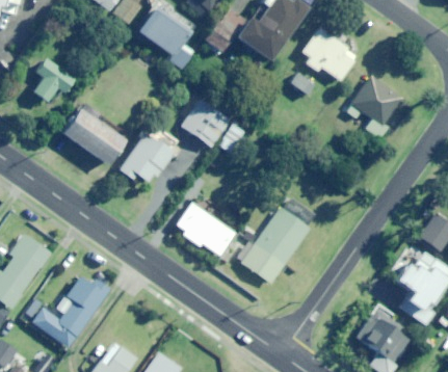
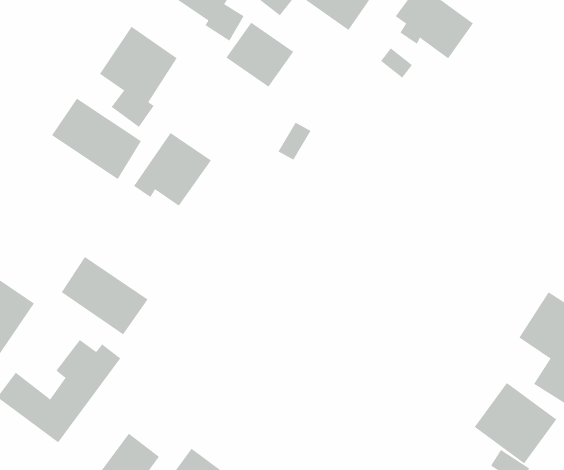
building: none -> [99,26,177,128]
building: [32,59,74,104] -> none
building: [345,76,401,138] -> none
building: [182,100,230,145] -> [226,22,294,87]
building: [174,203,235,258] -> [61,256,149,335]
building: [241,207,310,283] -> none

